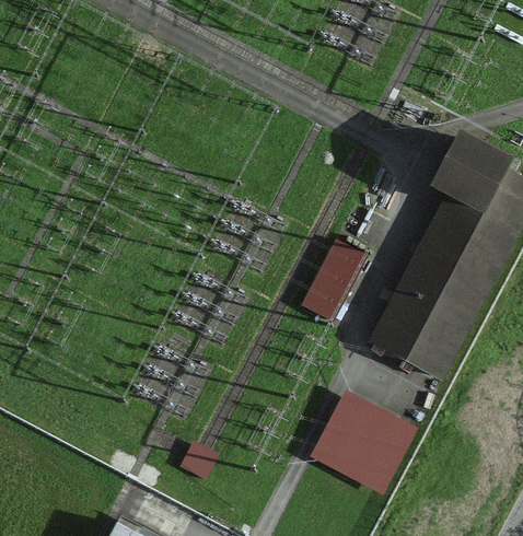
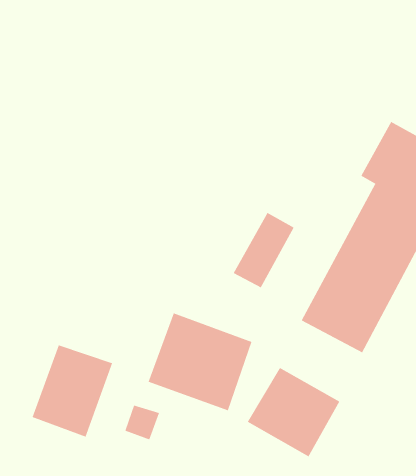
building: none -> [148,313,252,411]
building: none -> [32,344,113,438]

